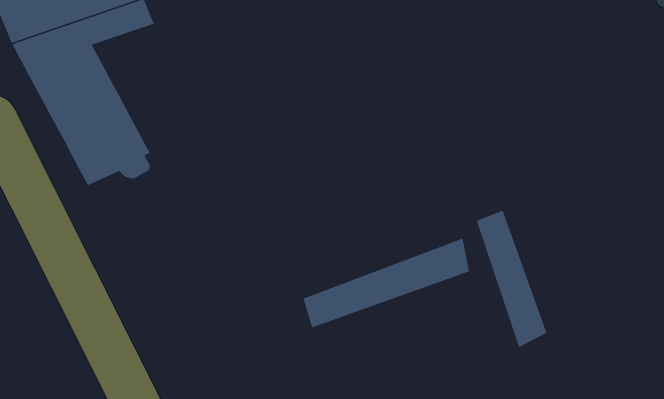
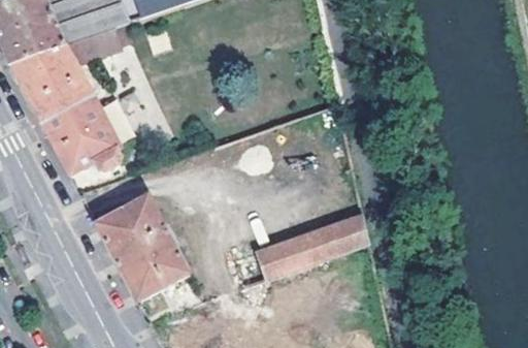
building: [476,209,548,348] -> none
building: none -> [95,194,190,300]

